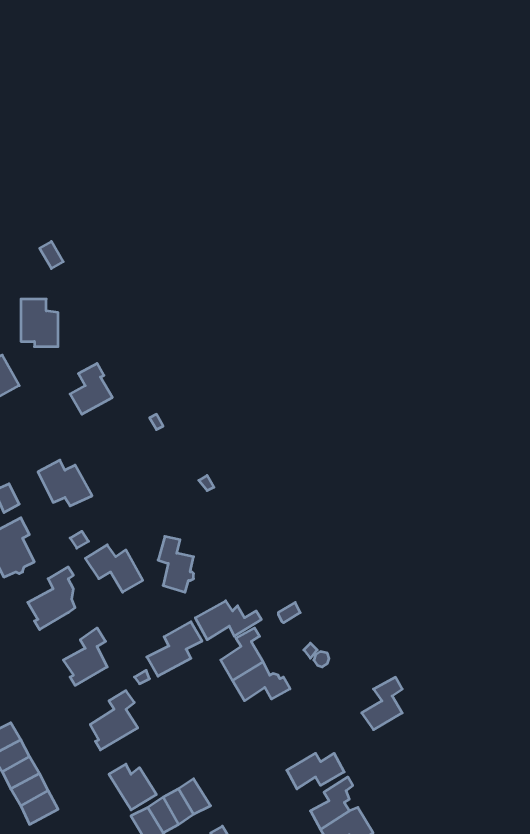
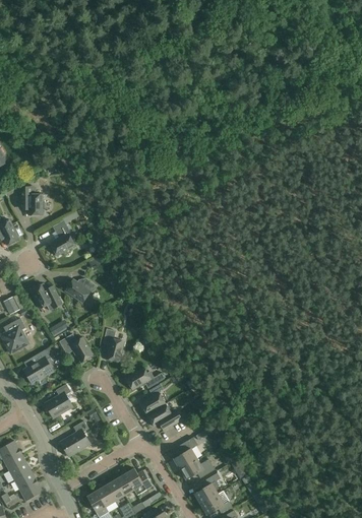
building: none -> [64,278,96,303]
building: [147,622,202,676] -> none
building: [362,677,402,730] -> [172,437,196,468]
building: [109,764,156,810] -> [123,467,152,495]

